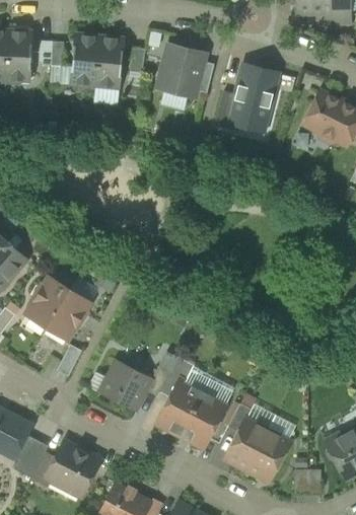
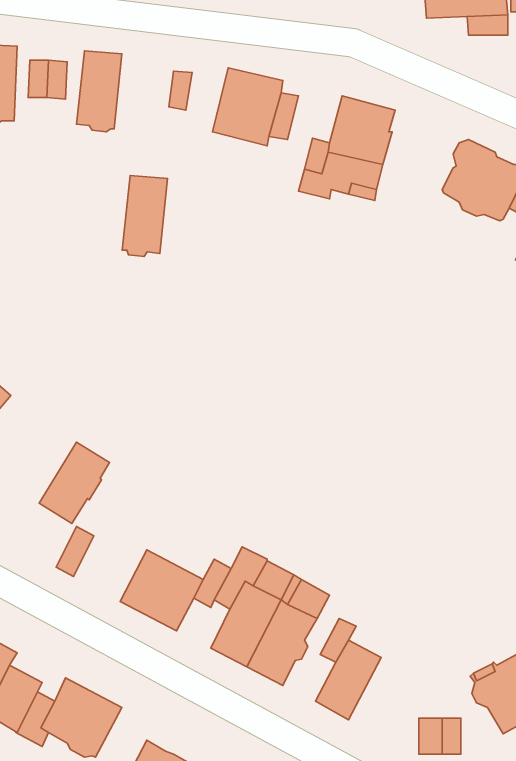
building: [94,36,124,89] -> [122,175,168,256]
building: [24,275,70,328] -> none
building: [246,429,289,481] -> none

